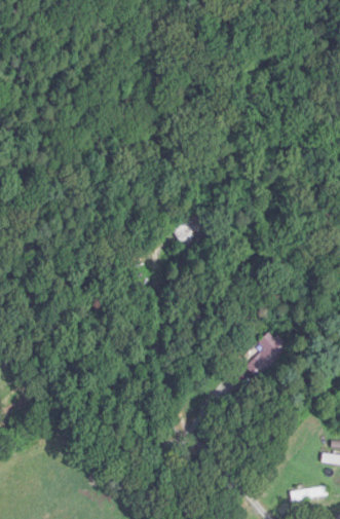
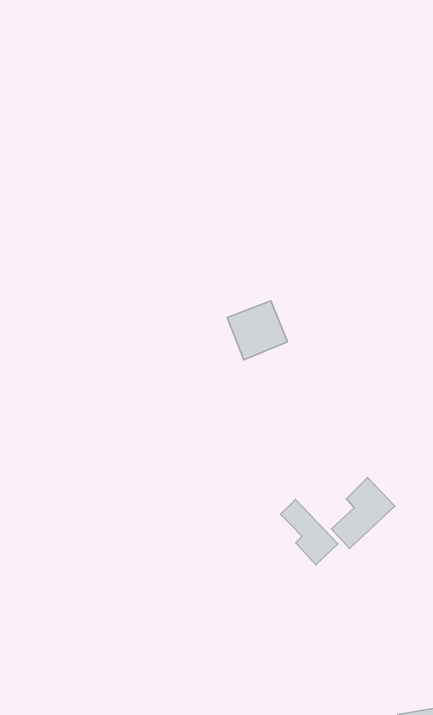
building: none -> [281,500,338,565]

